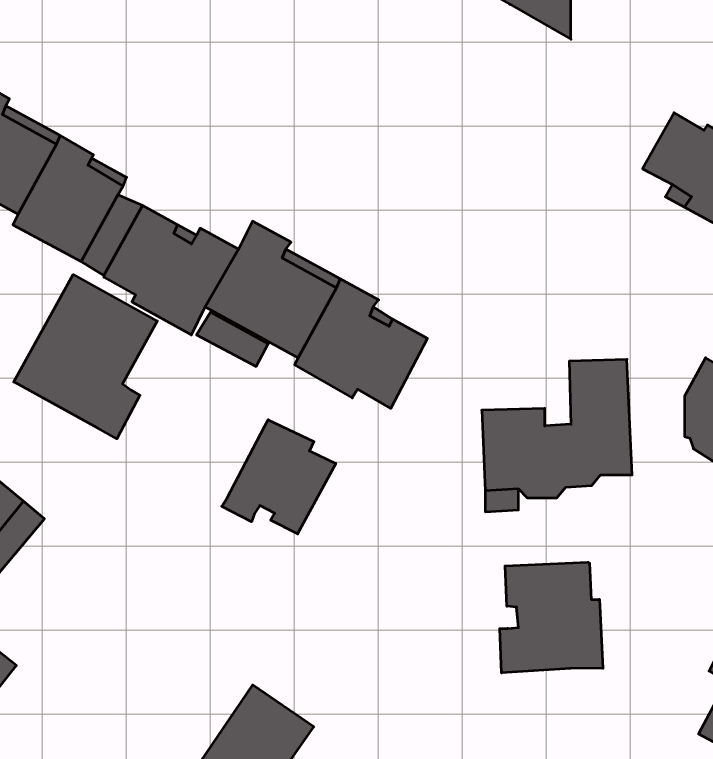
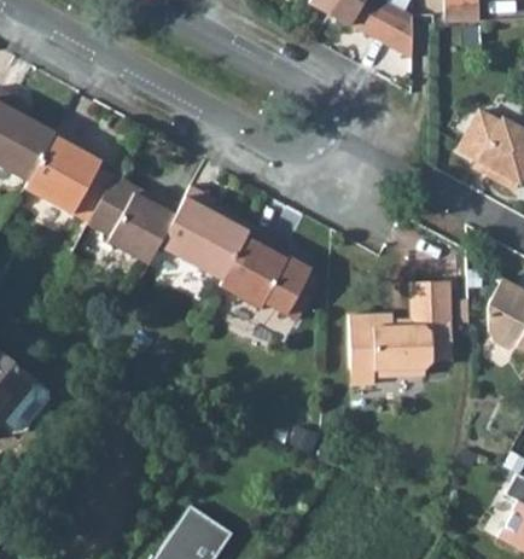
building: [14,275,157,439] -> none
building: [222,420,336,534] -> none
building: [500,562,603,673] -> none

